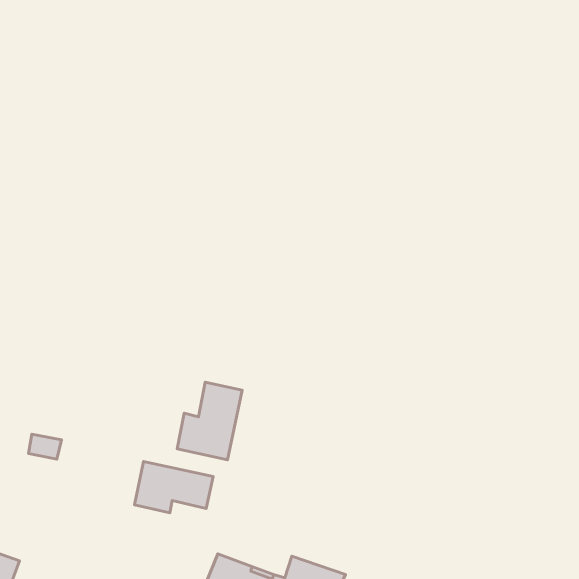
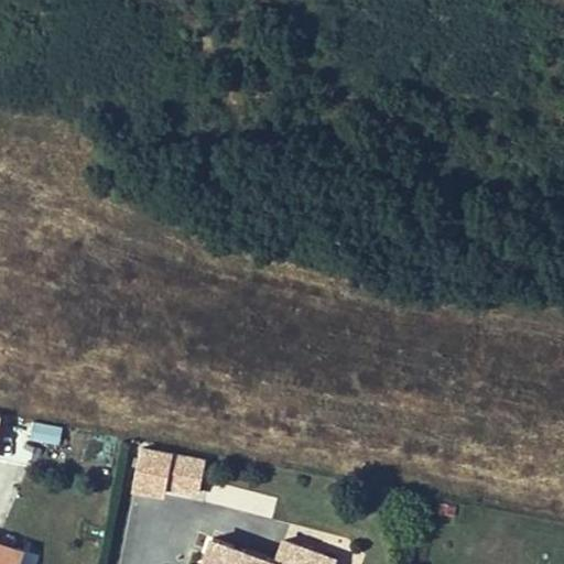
building: [177,382,242,460] -> none

